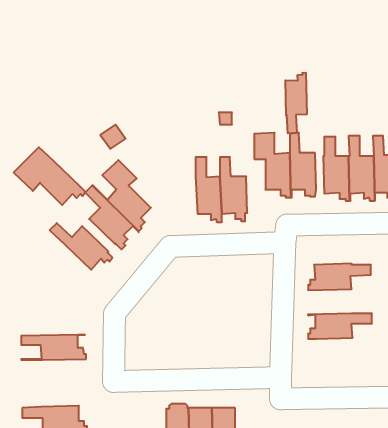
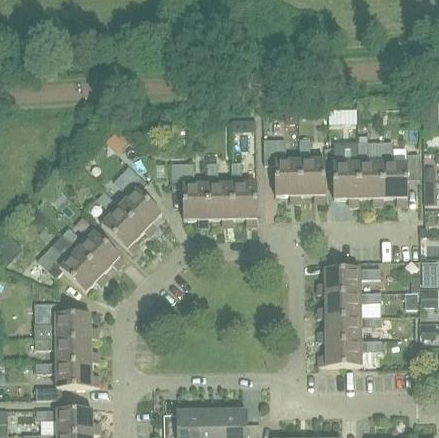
building: [285,73,307,133] -> none
building: [14,147,86,205] -> [38,235,109,292]
building: none -> [171,162,209,227]
building: none -> [318,292,381,318]
building: none -> [34,302,98,339]
building: none -> [318,341,382,368]
building: none -> [35,362,99,399]

